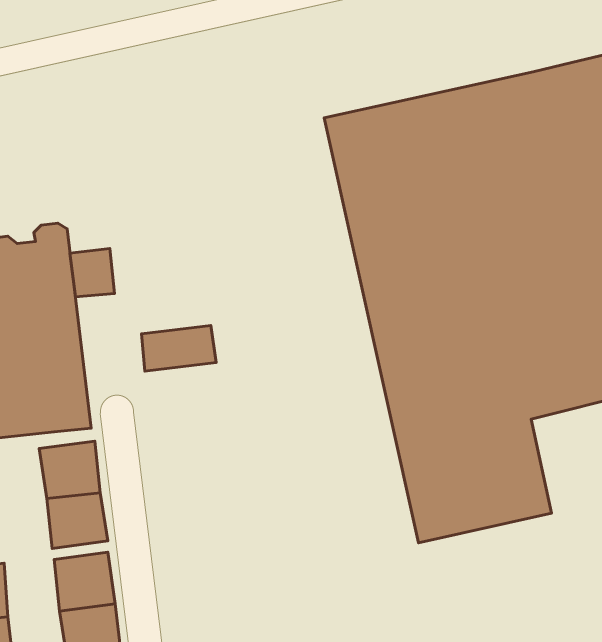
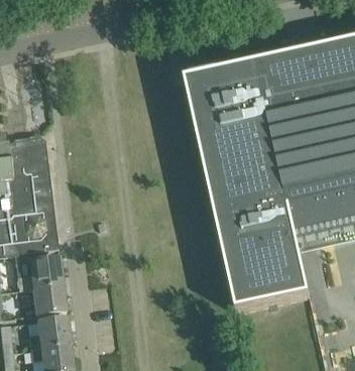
building: [70,248,114,297] -> none
building: [142,326,216,371] -> none

